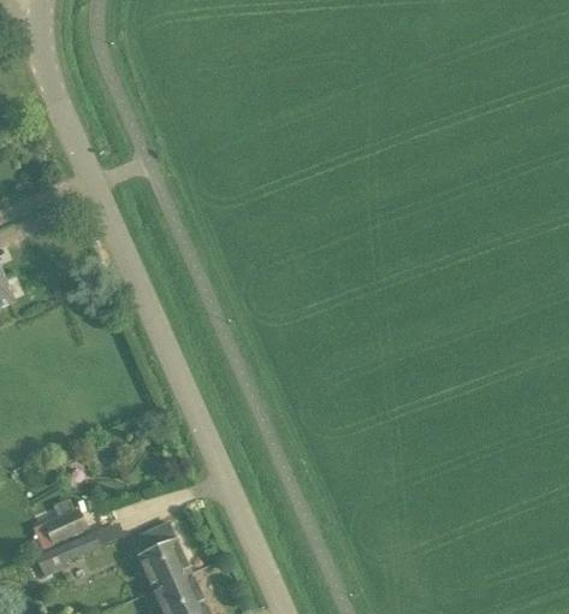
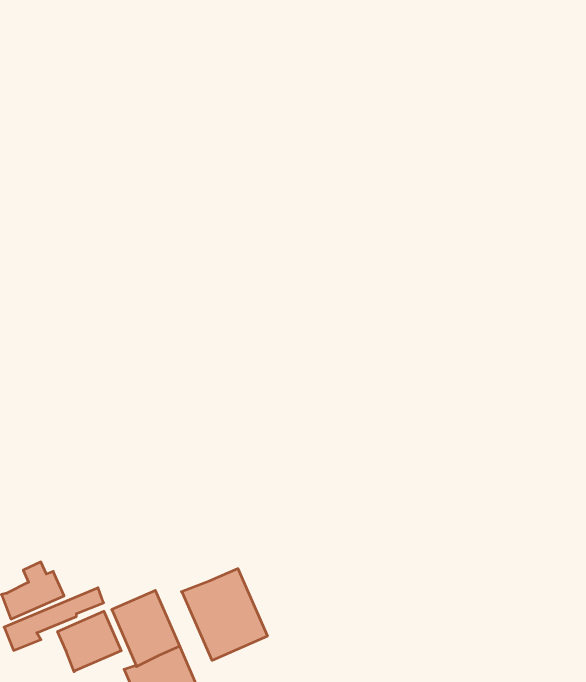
building: none -> [181,569,267,660]
building: none -> [58,611,121,672]

